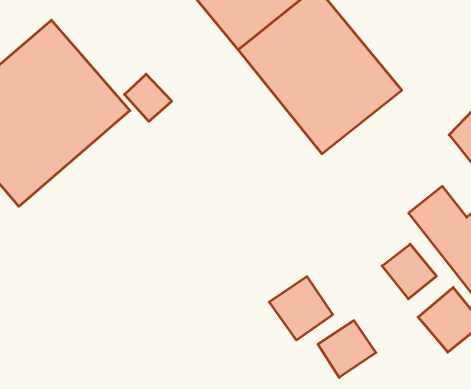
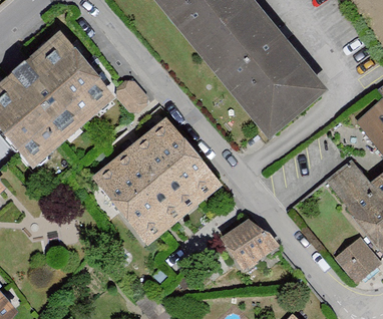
building: none -> [94,119,222,245]
building: [382,244,436,299] -> none
building: [318,321,376,378] -> none

